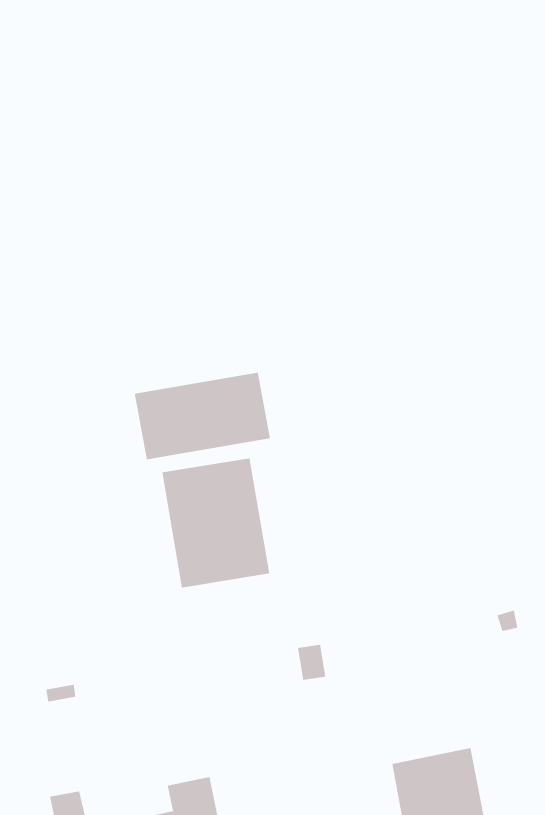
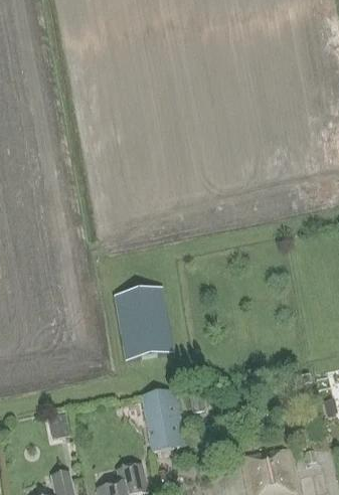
building: [134,372,270,460] -> none
building: none -> [142,387,185,449]

